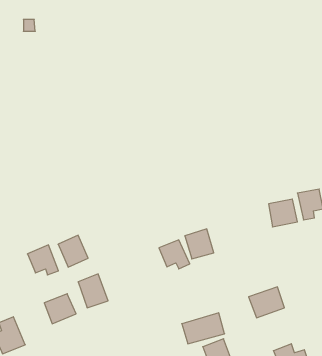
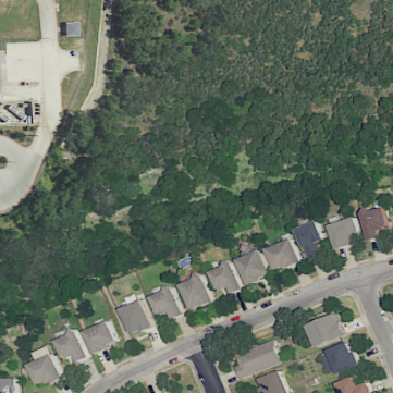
building: none -> [293,221,321,260]
building: none -> [263,238,298,272]
building: [58,235,88,267] -> [148,286,181,321]
building: [27,245,58,275] -> [53,330,87,363]
building: none -> [177,274,211,310]
building: none -> [316,342,356,377]

